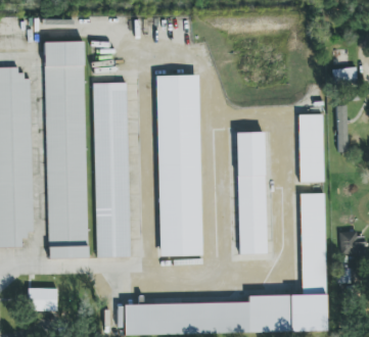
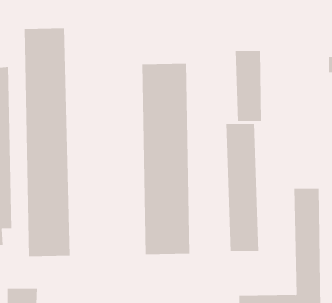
building: [94,83,131,257] -> none
building: [298,114,324,182] -> [235,51,262,122]

